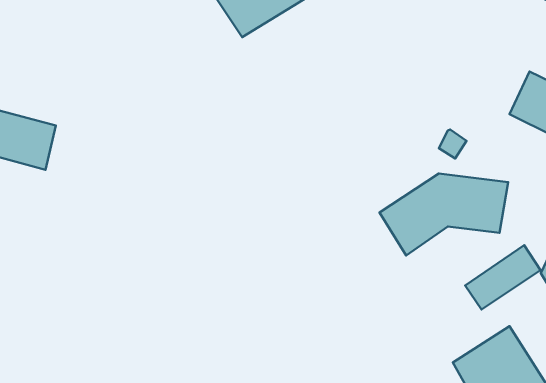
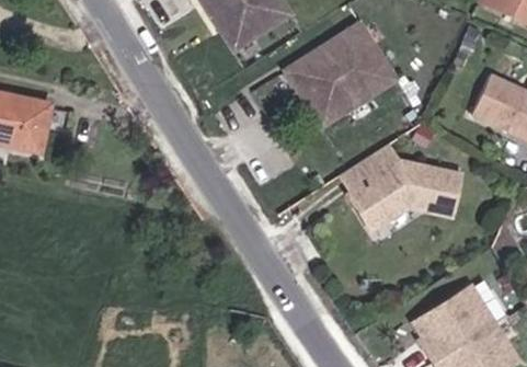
building: none -> [282,27,387,126]
building: [465,245,541,309] -> [335,139,401,195]

